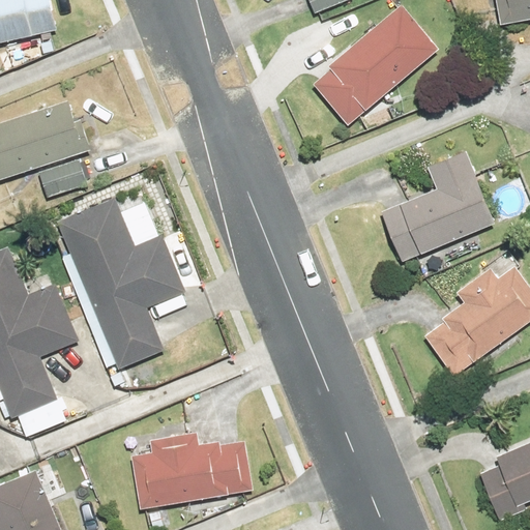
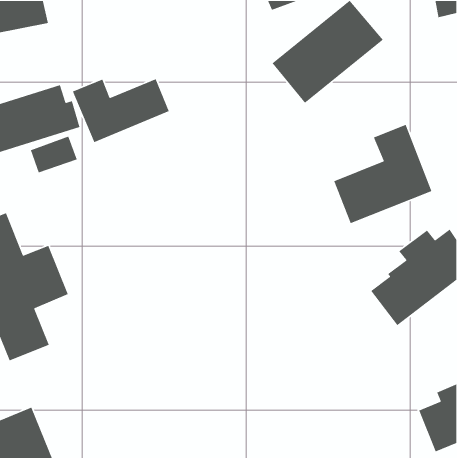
building: none -> [72,78,170,143]
building: [56,199,185,372] -> none
building: [132,430,252,508] -> none

